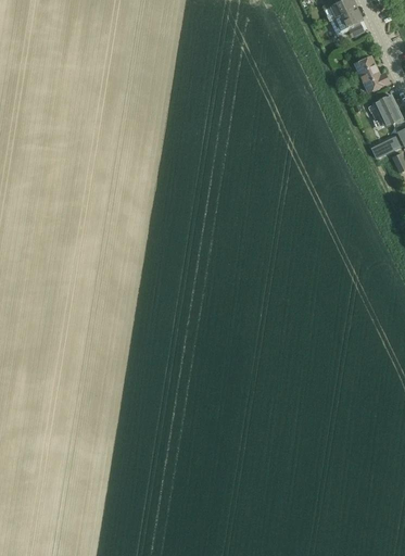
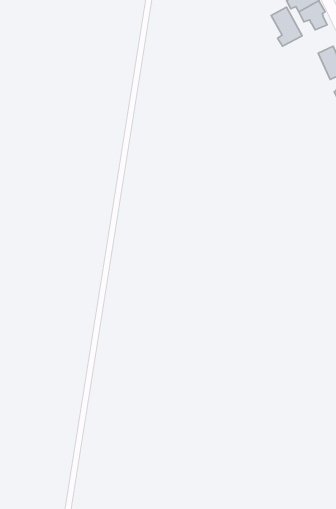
building: none -> [271,7,302,46]

